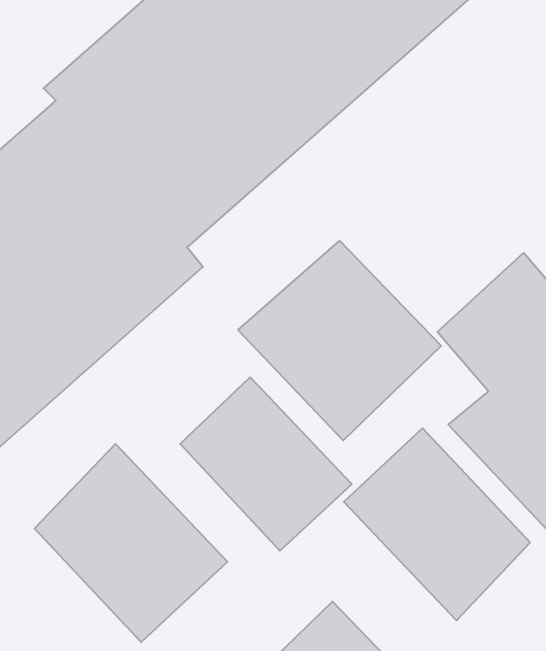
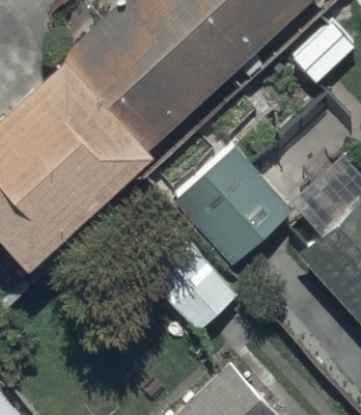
building: [344,428,530,620] -> none
building: [35,444,227,642] -> none

